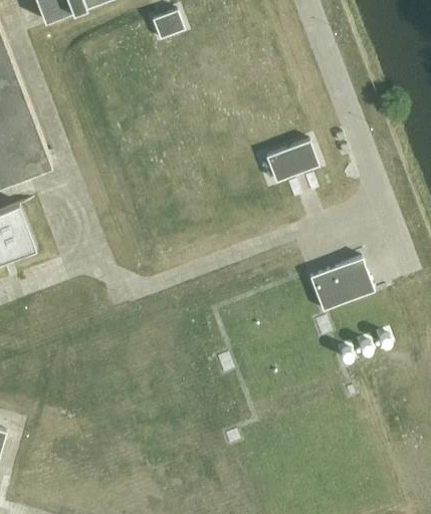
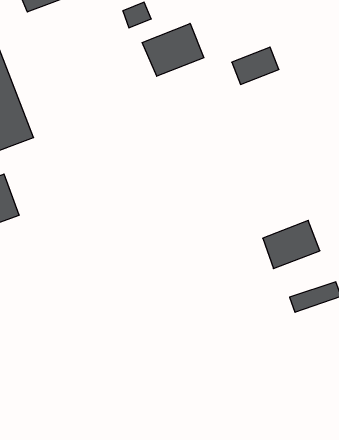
building: none -> [142,23,204,76]
building: [263,141,316,183] -> [232,47,279,84]

